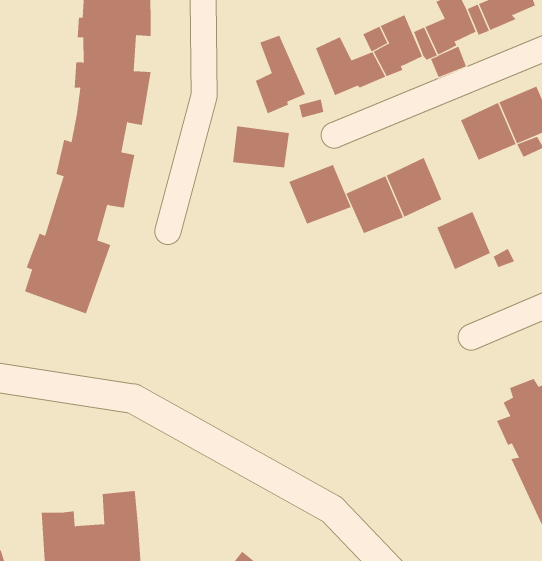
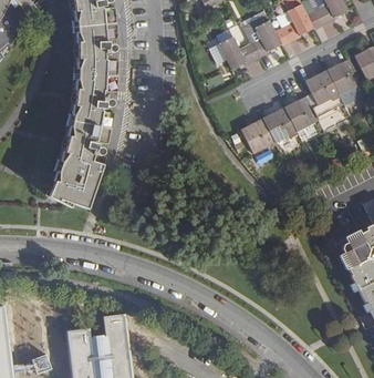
building: [255,35,306,114] -> none
building: [232,126,290,168] -> none
building: [288,164,351,225] -> none
building: [436,211,491,270] -> [284,93,318,129]

